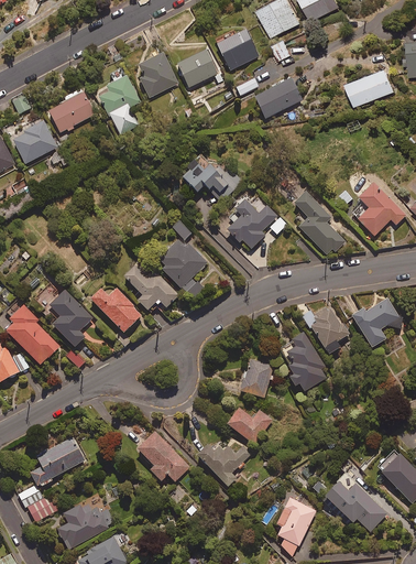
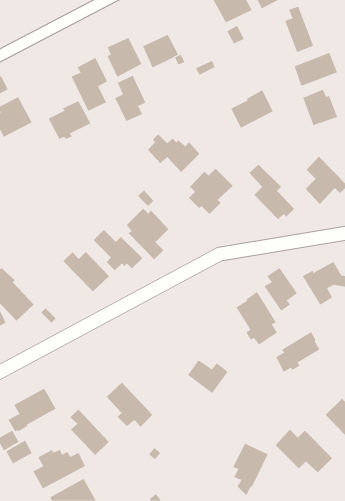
building: none -> [285,6,314,53]
building: [215,29,259,69] -> none
building: [254,75,302,118] -> [230,89,274,129]
building: [47,88,95,131] -> [48,100,91,140]
building: none -> [115,75,146,122]
building: none -> [303,89,338,126]
building: [50,290,91,346] -> none
building: [240,358,274,398] -> none
building: none -> [275,331,320,372]
building: [198,438,251,486] -> none
building: none -> [70,409,110,456]

